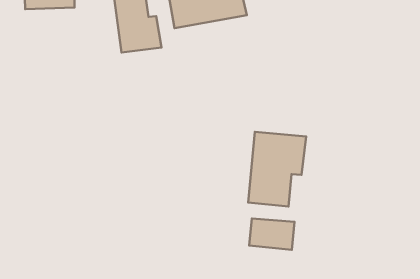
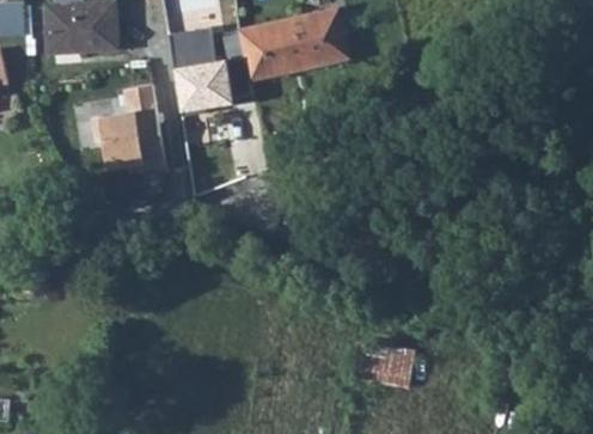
building: none -> [88,85,160,173]
building: [248,132,306,206] -> none

